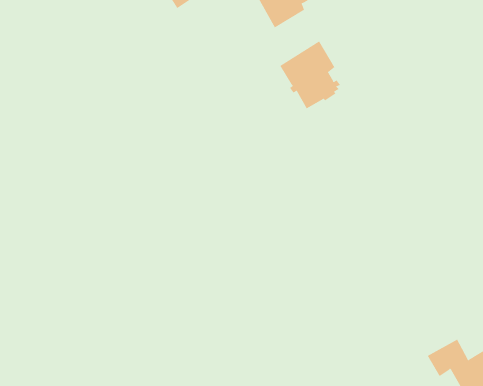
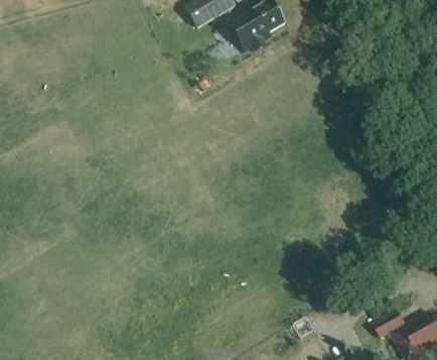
building: [279,40,341,109] -> none

